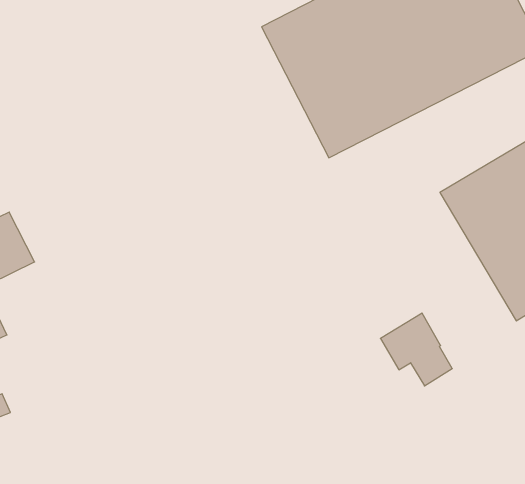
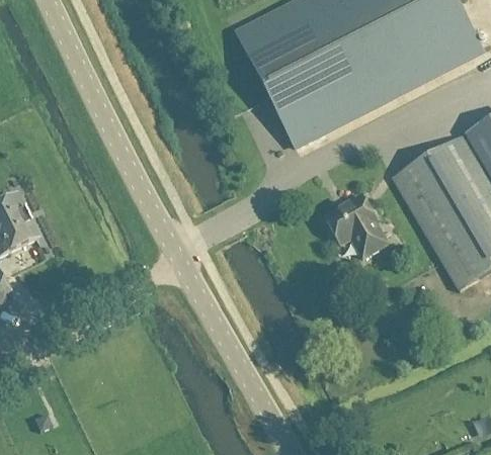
building: [380,313,452,386] -> [324,193,387,257]

